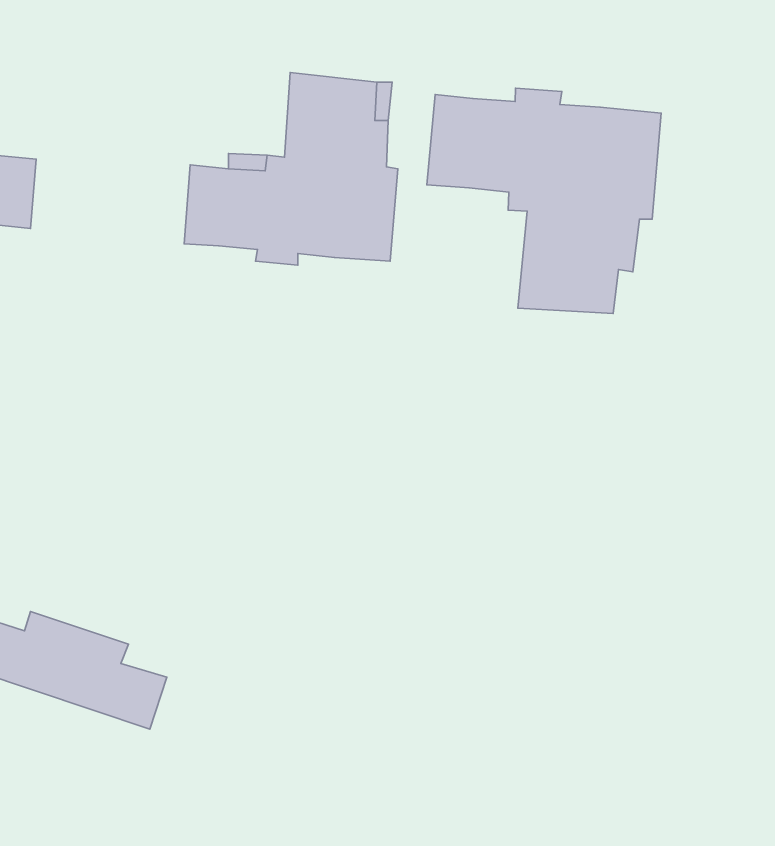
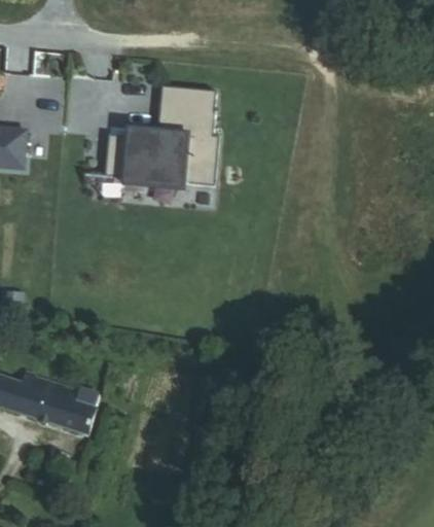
building: [427,88,661,313] -> none

